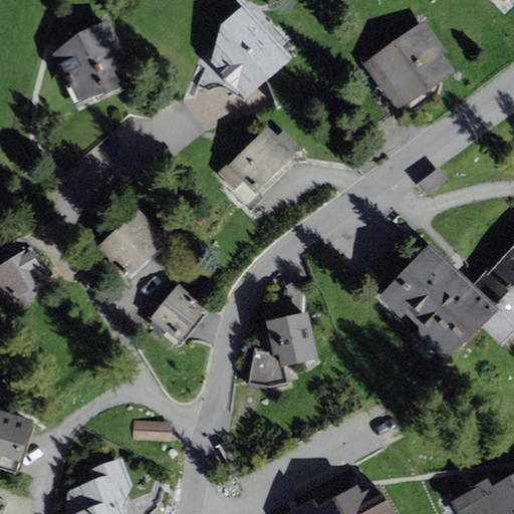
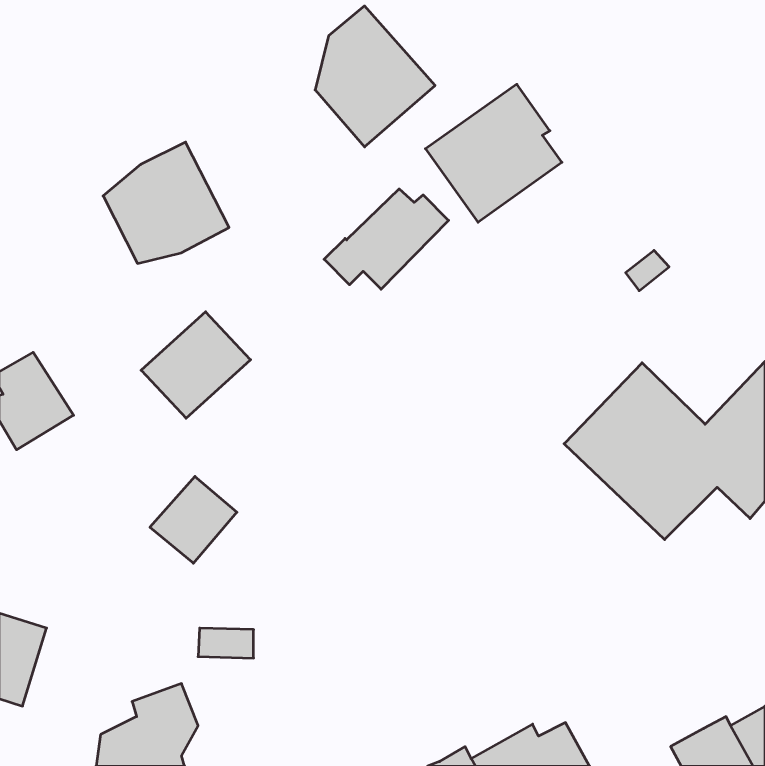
building: [52,18,137,99] -> [103,142,229,263]
building: [362,20,454,112] -> [425,84,562,222]
building: [149,284,207,342] -> [150,476,237,563]
building: [246,306,317,388] -> none

